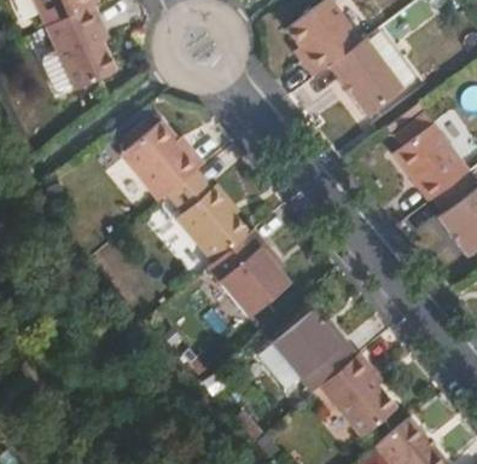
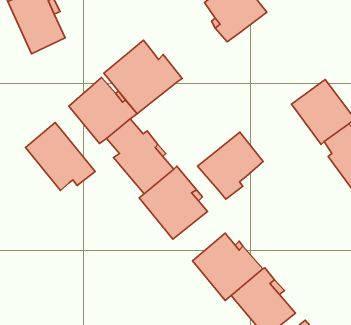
building: [328,39,402,116] -> none
building: none -> [104,40,182,114]
building: none -> [25,123,95,190]
building: none -> [198,132,263,199]

